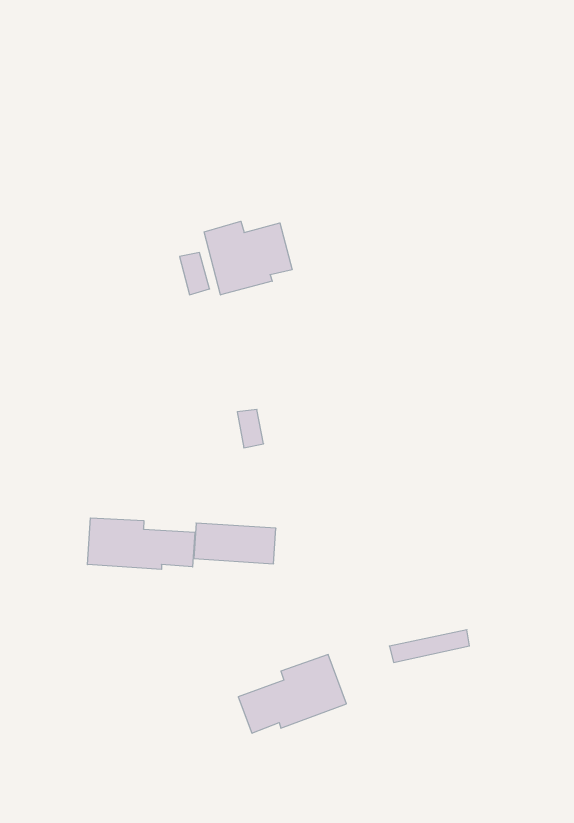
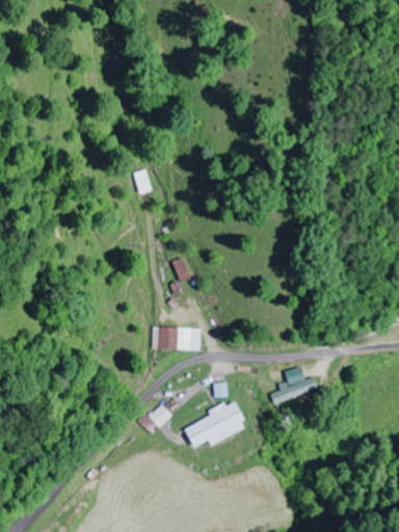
building: [204,221,292,295] -> none
building: [87,518,195,569] -> none

